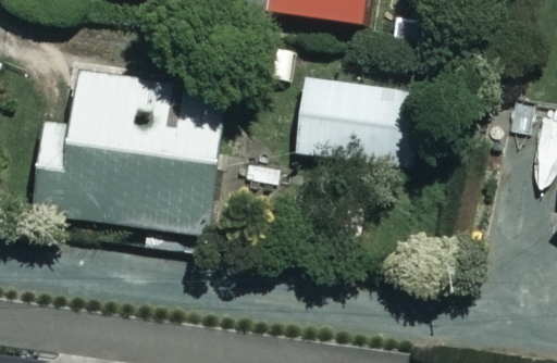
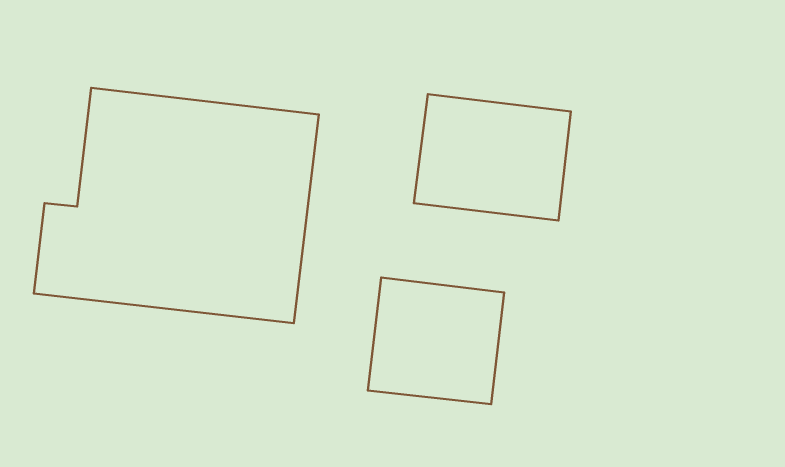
building: none -> [368,278,504,404]

